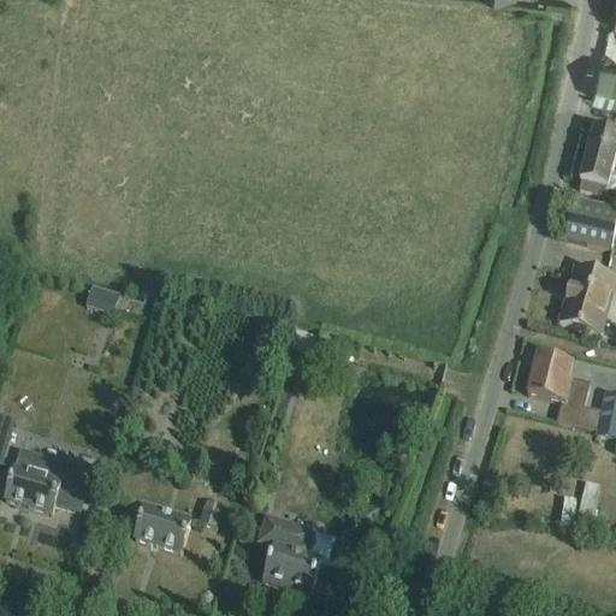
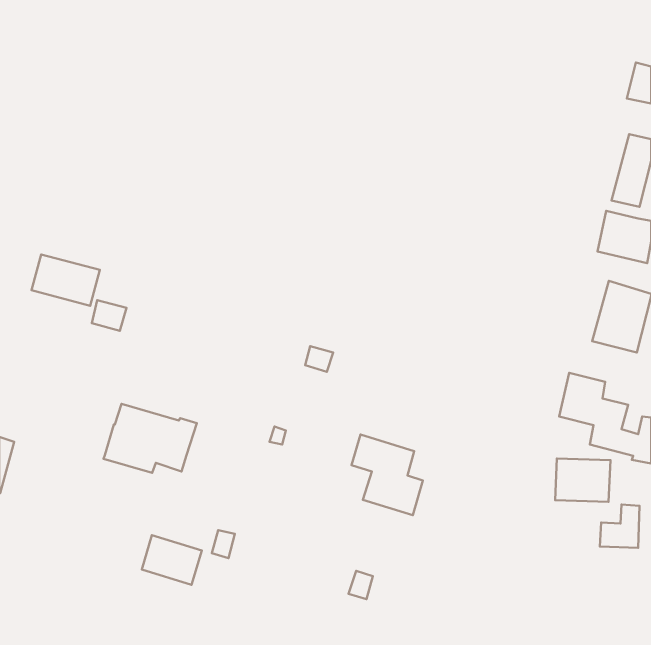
building: none -> [31,254,100,306]
building: none -> [555,458,610,502]
building: [5,446,93,511] -> [104,404,197,473]
building: [253,514,320,590] -> [351,435,423,515]

